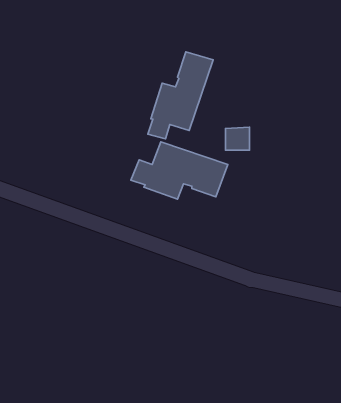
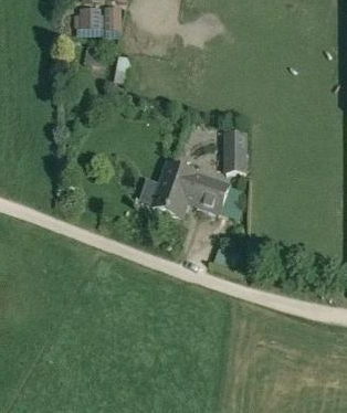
building: [148,52,213,139] -> none

